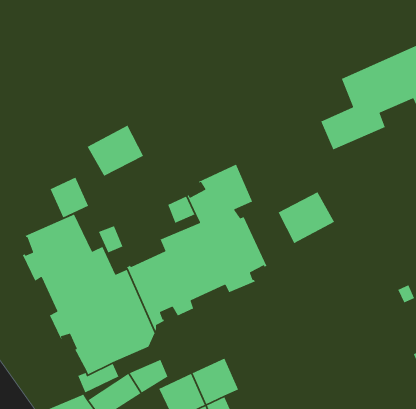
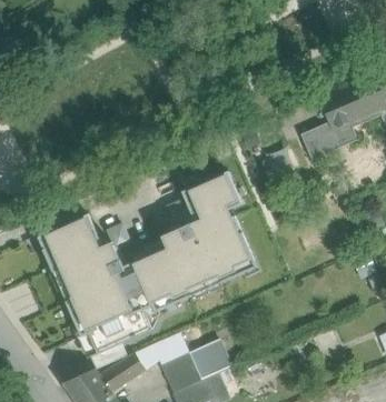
building: [86,124,144,177] -> none
building: [50,176,89,219] -> none
building: [277,191,335,244] -> none

